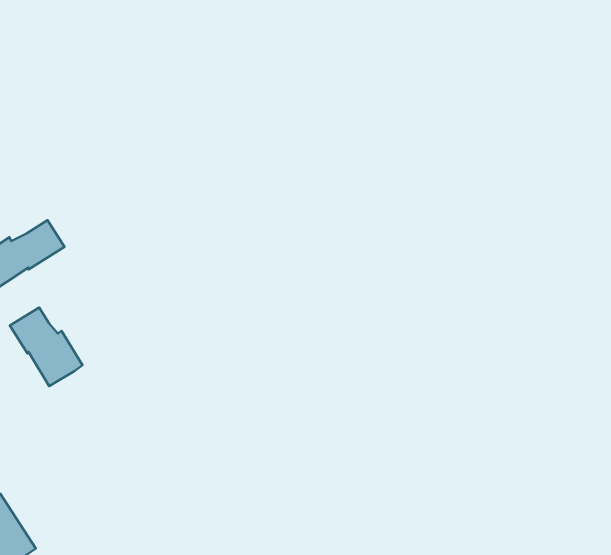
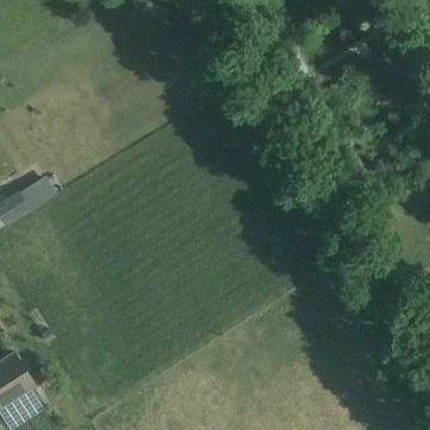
building: [10,307,82,386] -> none

